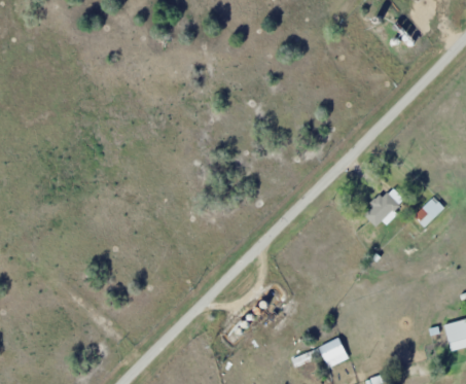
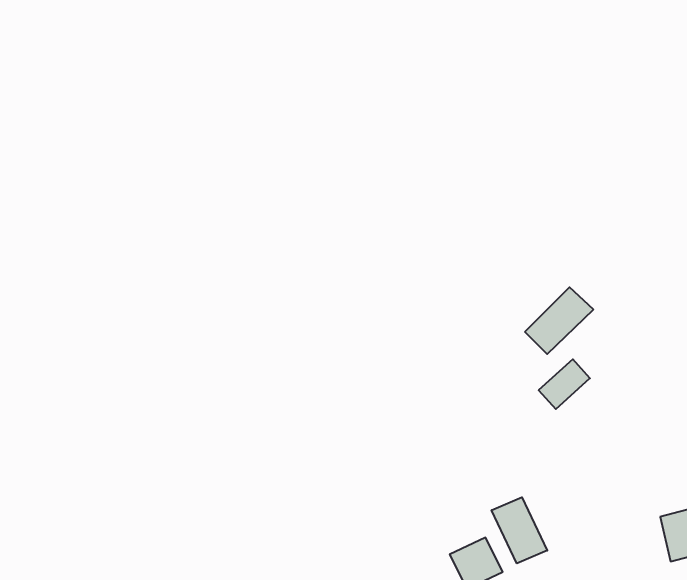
building: [413,197,443,226] -> [539,359,590,409]
building: none -> [492,497,547,563]

